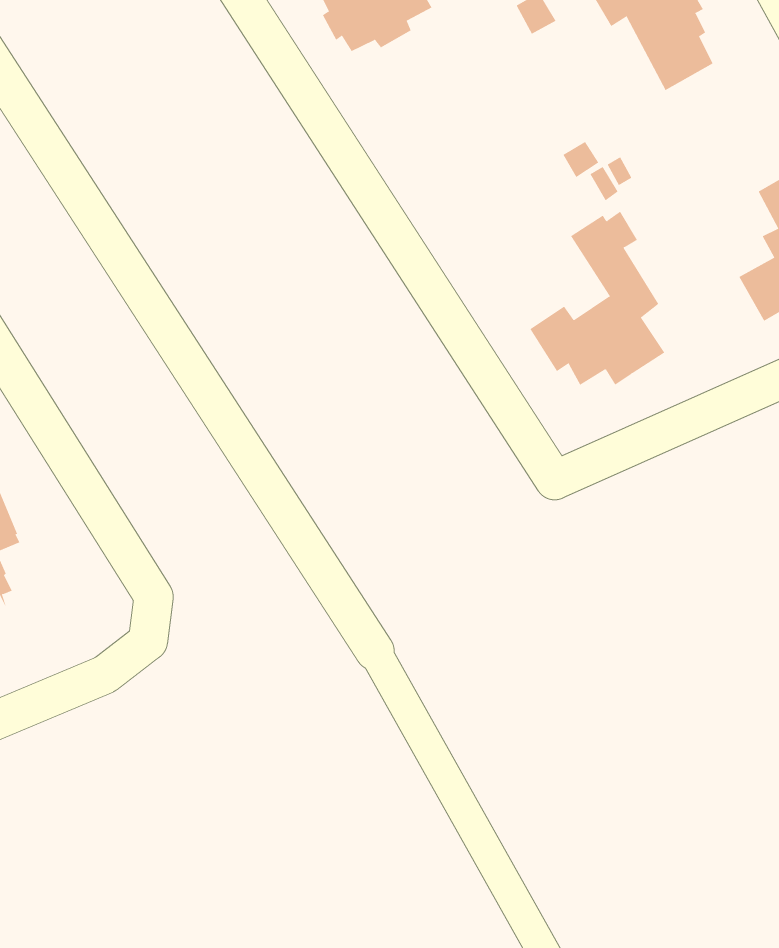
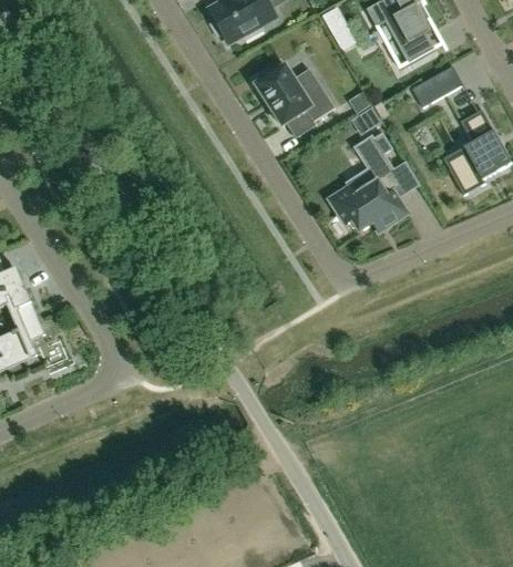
building: none -> [255,64,335,125]
building: none -> [412,65,463,107]

